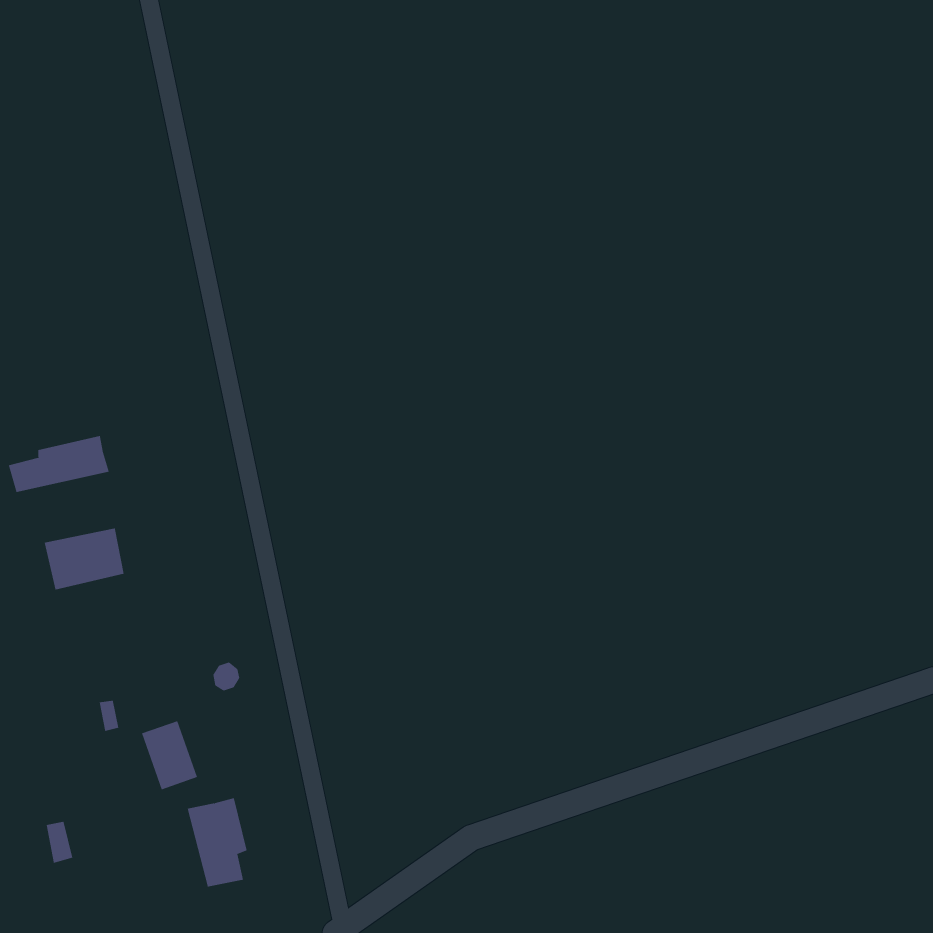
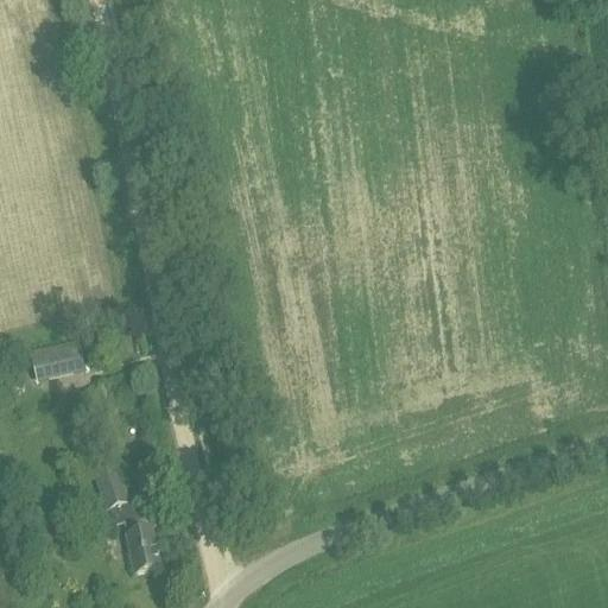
building: [8,435,109,493] -> none

